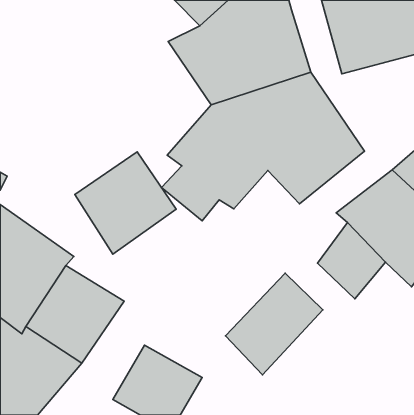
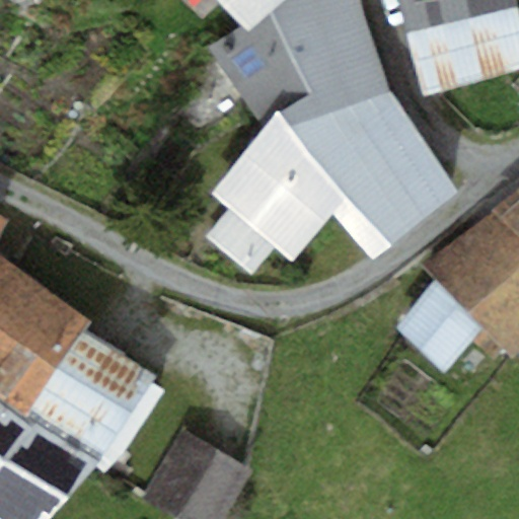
building: [75,152,176,254] -> none
building: [225,273,323,375] -> none

